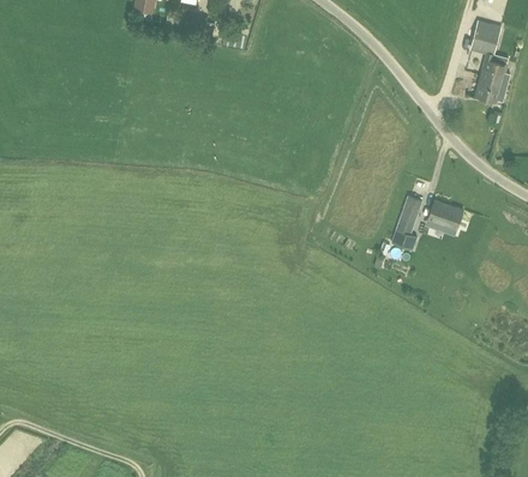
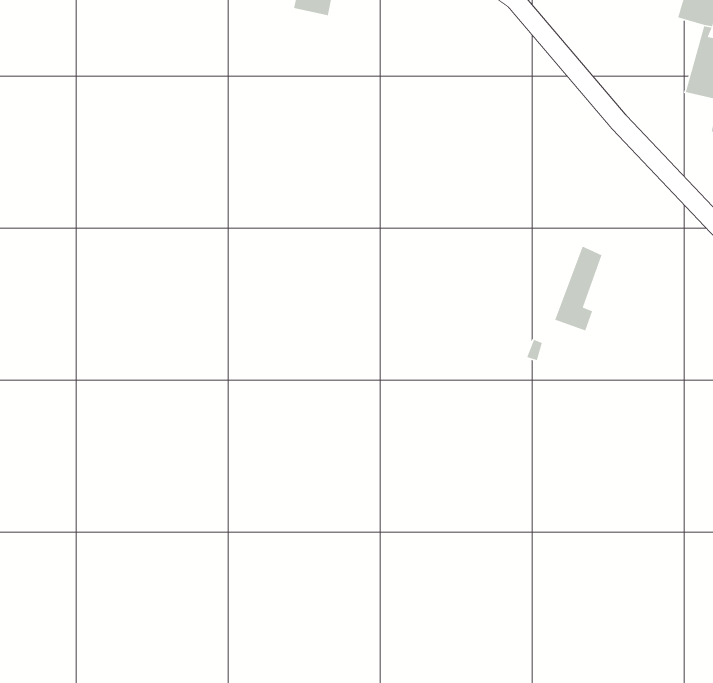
building: [427,199,463,229] -> none

